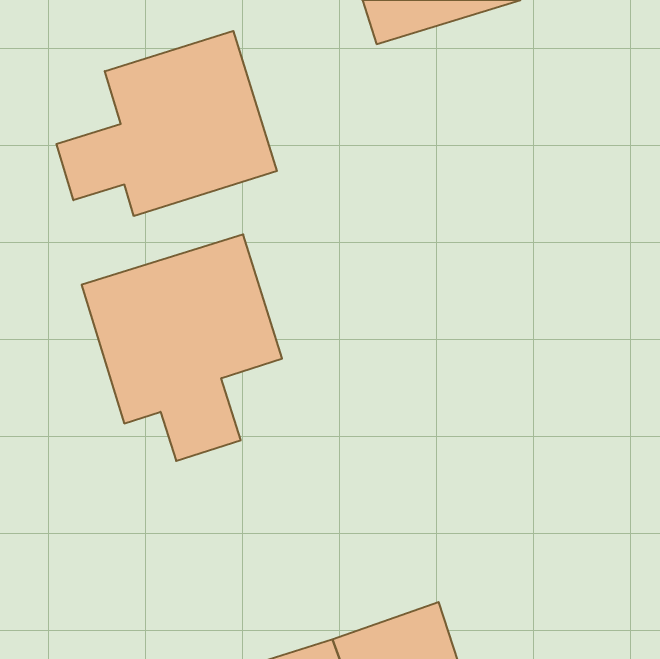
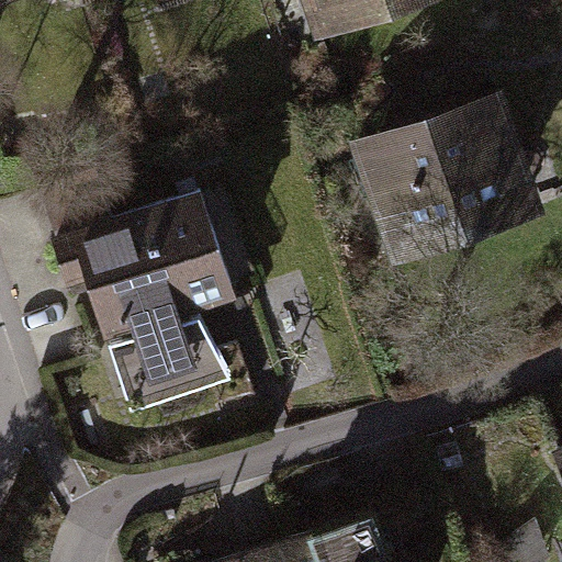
building: [56,31,277,216] -> none
building: none -> [357,102,535,247]

